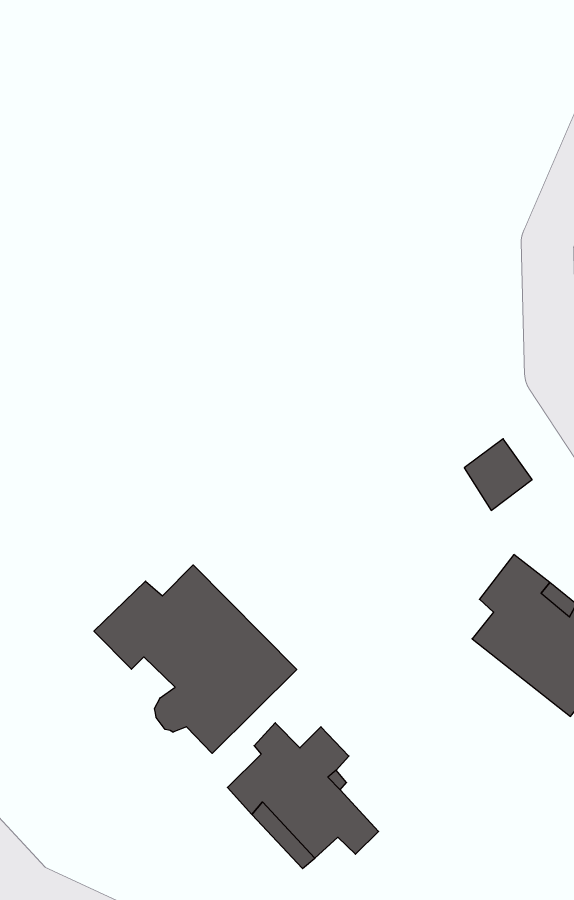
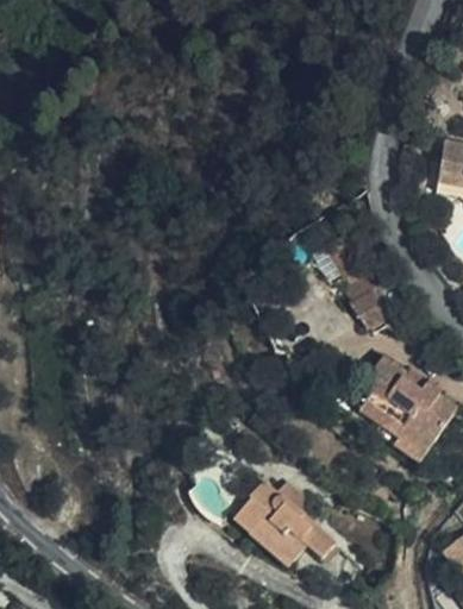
building: [94,565,297,753] -> none

